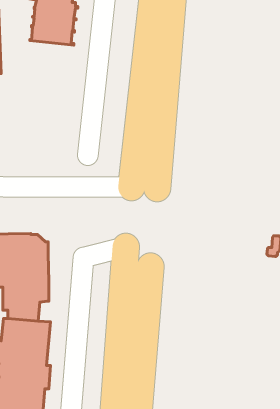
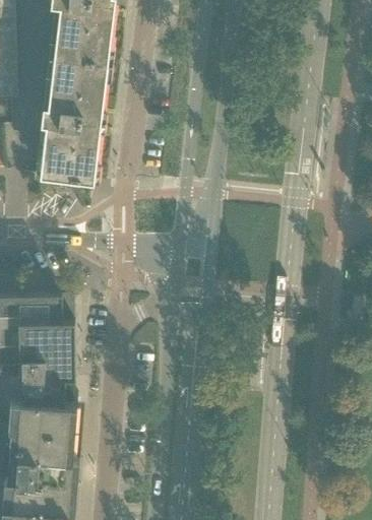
building: none -> [39,57,107,182]

